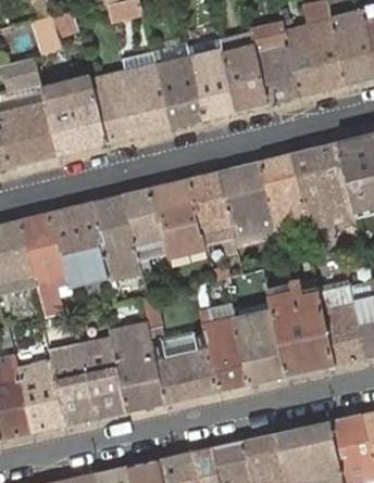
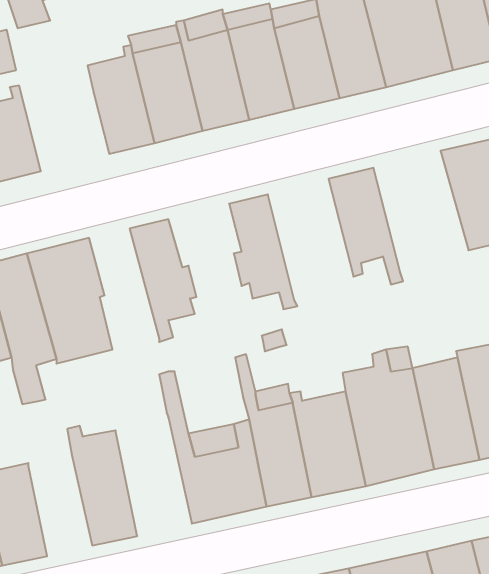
building: [41,78,105,156] -> none
building: [290,142,358,227] -> none
building: [216,162,277,246] -> none
building: [147,179,205,256] -> none
building: [91,196,140,281] -> none
building: [109,326,163,411] -> none
building: [49,355,94,425] -> none

